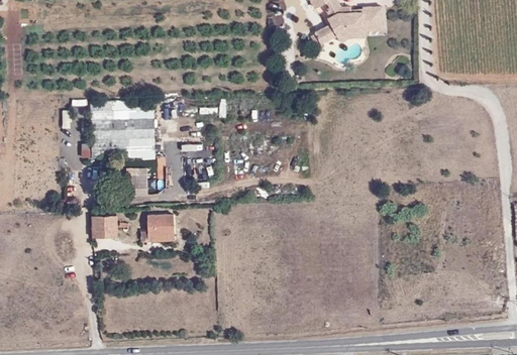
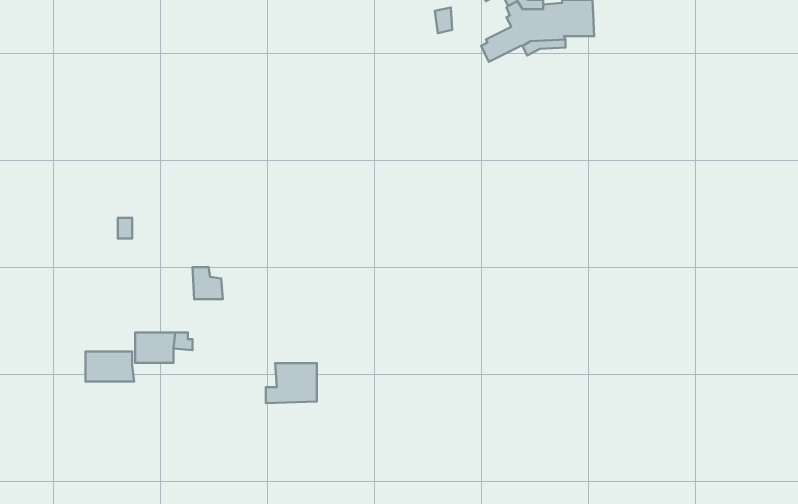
building: [141,216,174,241] -> [266,363,317,403]
building: none -> [85,352,134,382]

